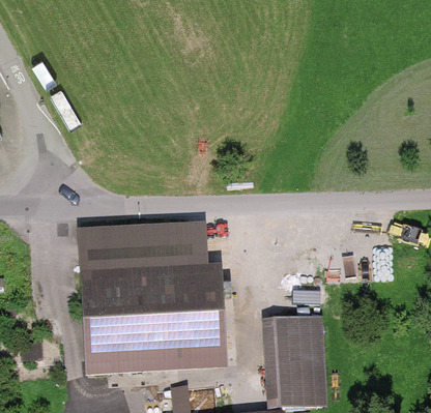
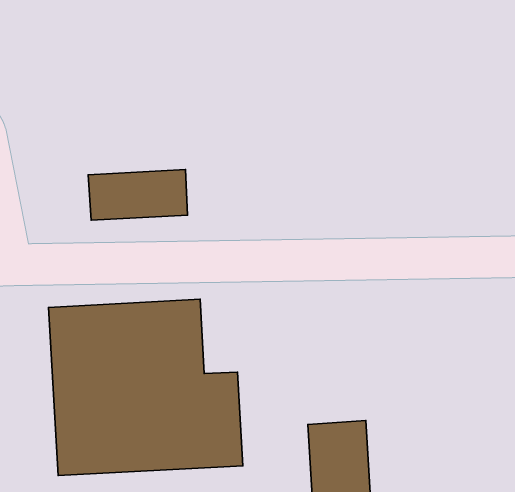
building: none -> [88,170,188,220]

